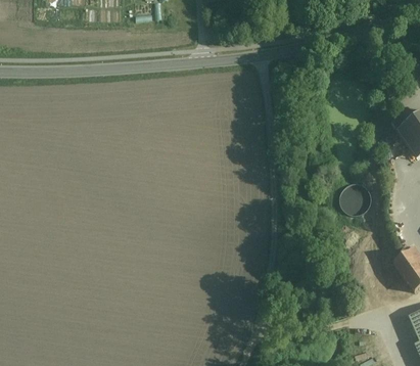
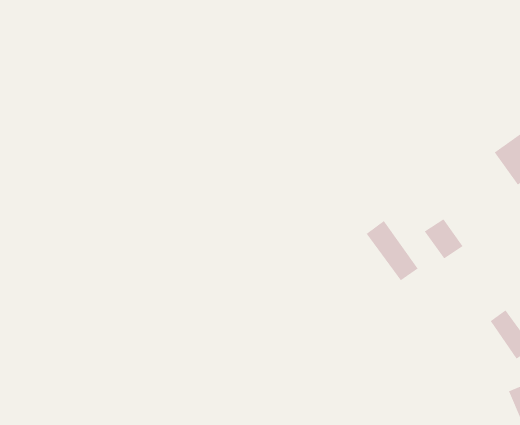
building: none -> [366,220,419,281]

